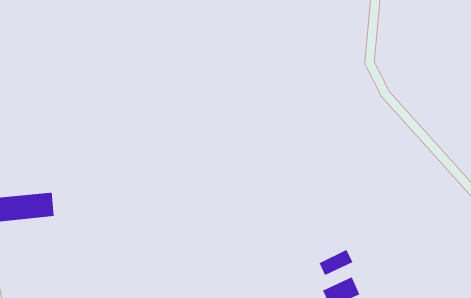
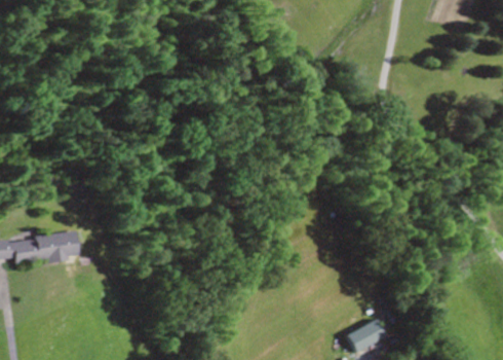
building: [319,249,353,276] -> none

